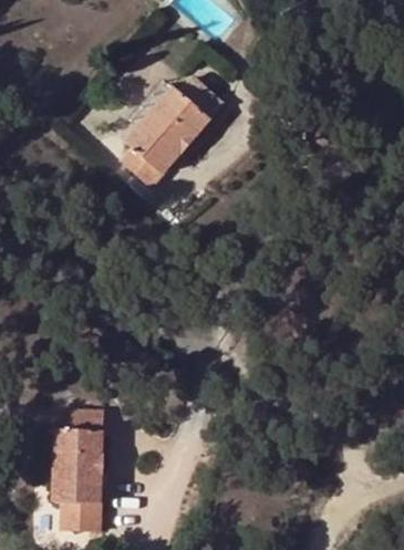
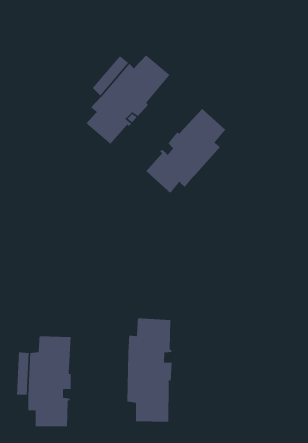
building: none -> [145,108,226,194]
building: none -> [127,317,173,423]

